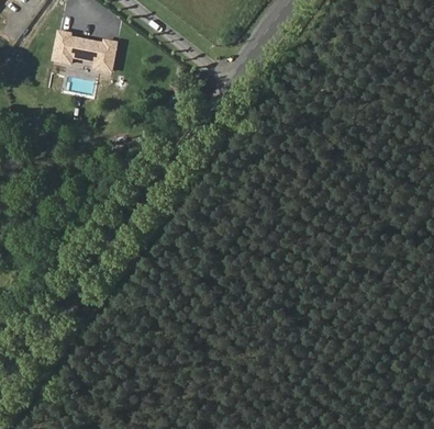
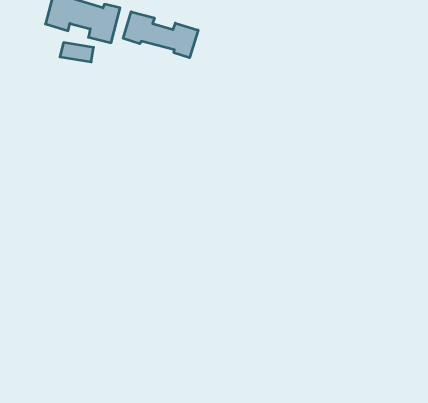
building: none -> [123,12,198,58]

